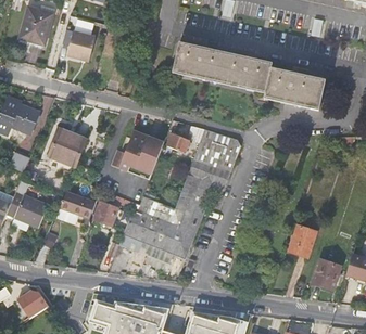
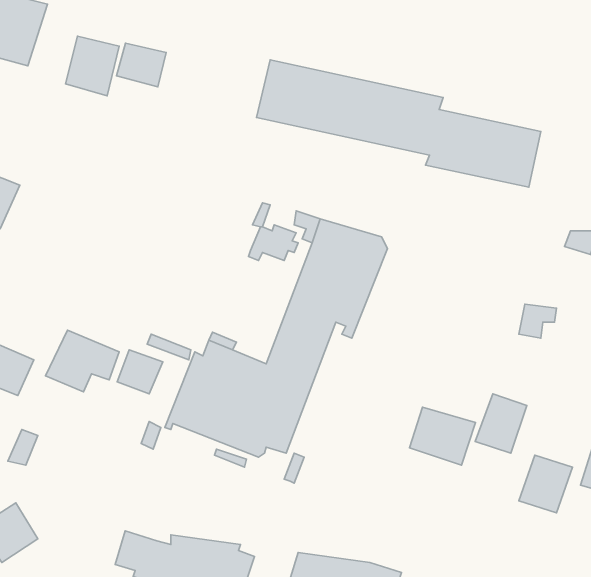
building: none -> [116,43,166,87]
building: [46,126,87,169] -> none
building: [110,129,164,180] -> none
building: none -> [410,407,476,465]

